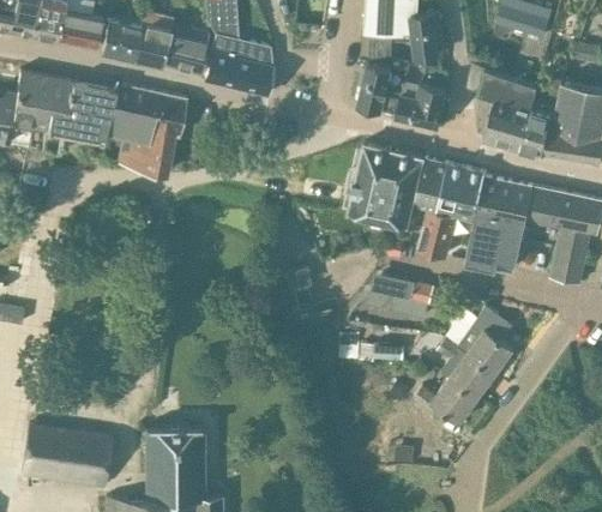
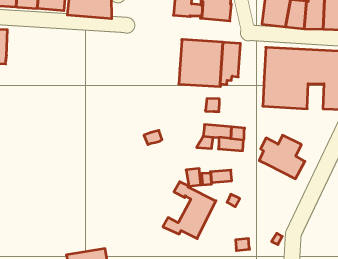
building: [104,83,186,175] -> none
building: [416,164,483,255] -> none
building: [411,337,494,423] -> [163,182,216,239]

